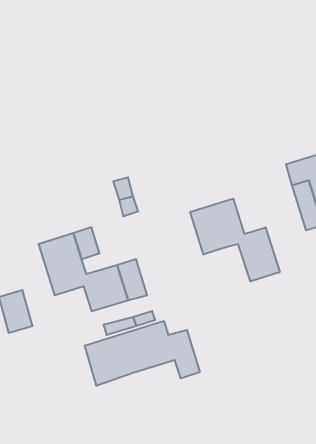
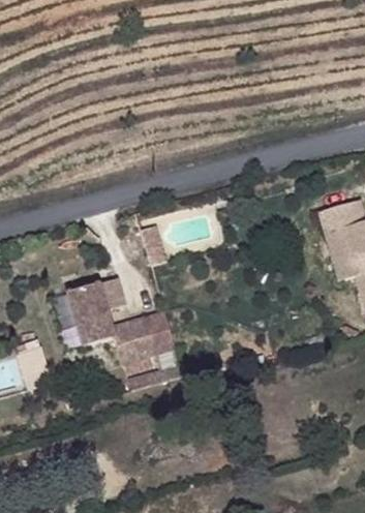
building: [190,199,280,281] -> none
building: [85,321,200,386] -> none

